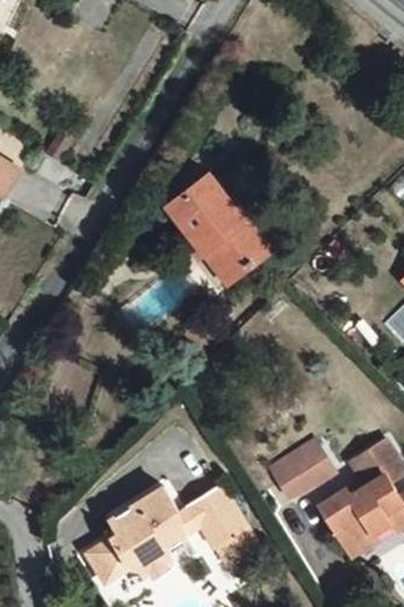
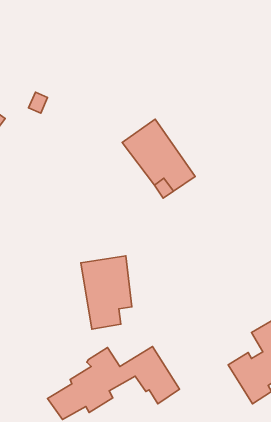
building: none -> [81,256,132,329]
building: [270,440,336,497] -> none

